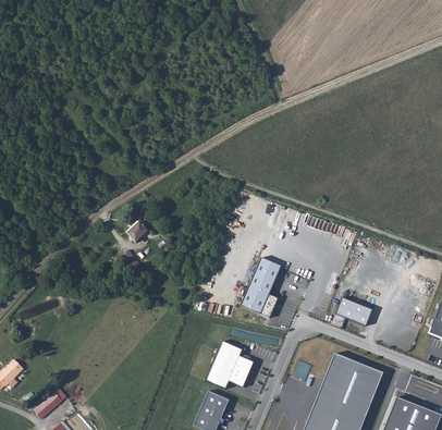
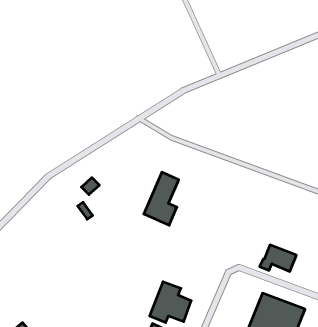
building: [241,256,281,317] -> [144,172,179,225]

